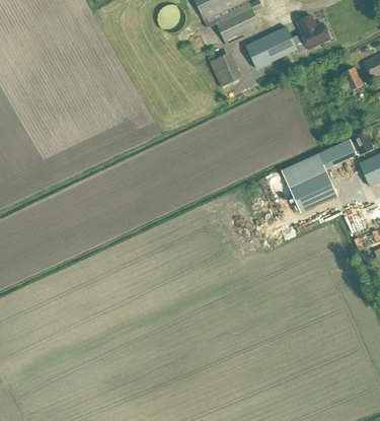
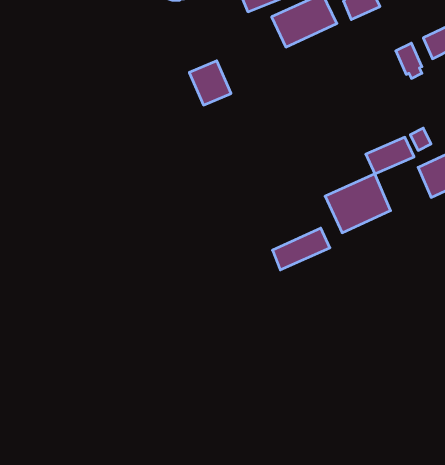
building: [211,51,243,85] -> [189,61,231,105]
building: [280,152,324,185] -> [272,228,330,270]

